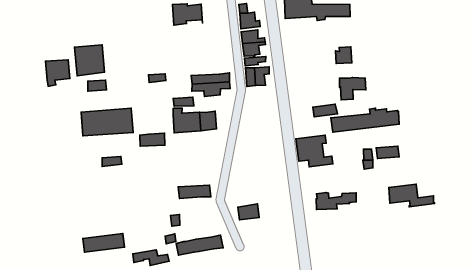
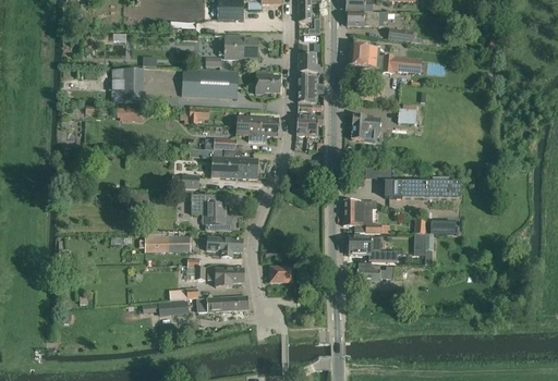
building: none -> [255,73,280,93]
building: [46,60,70,86] -> none
building: [340,78,366,100] -> [351,114,380,139]
building: [81,108,133,136] -> [182,70,239,99]
building: none -> [191,194,232,230]
building: [389,184,435,207] -> [348,236,397,260]
building: none -> [207,268,243,286]
building: [83,233,124,252] -> [145,235,190,250]

